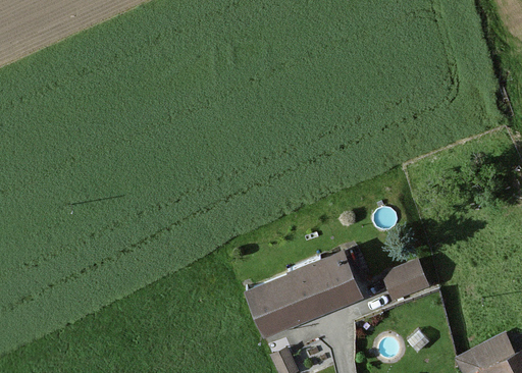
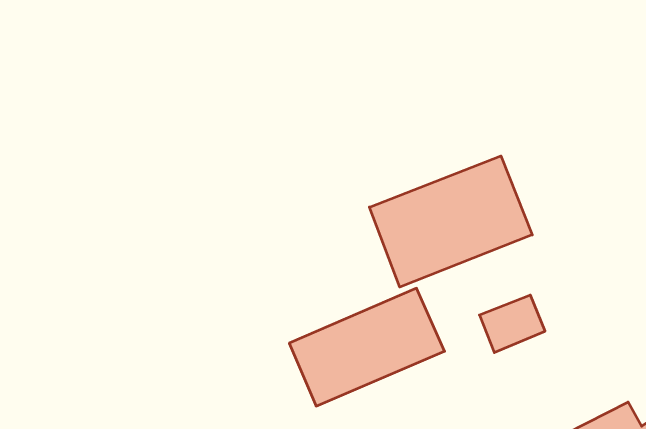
building: none -> [369,156,532,287]

